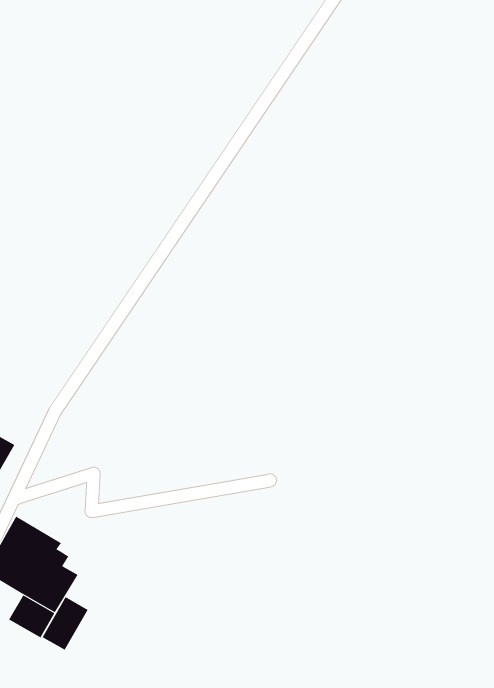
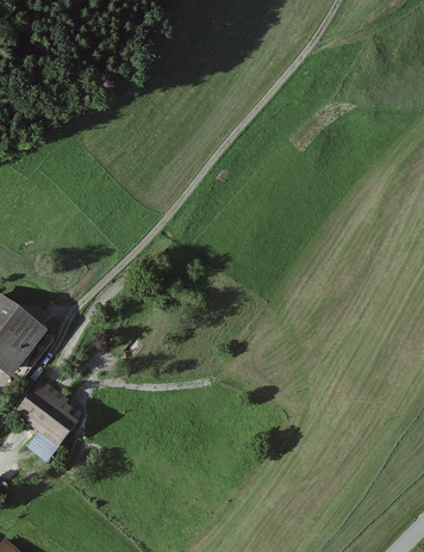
building: [42,596,89,650] -> none

